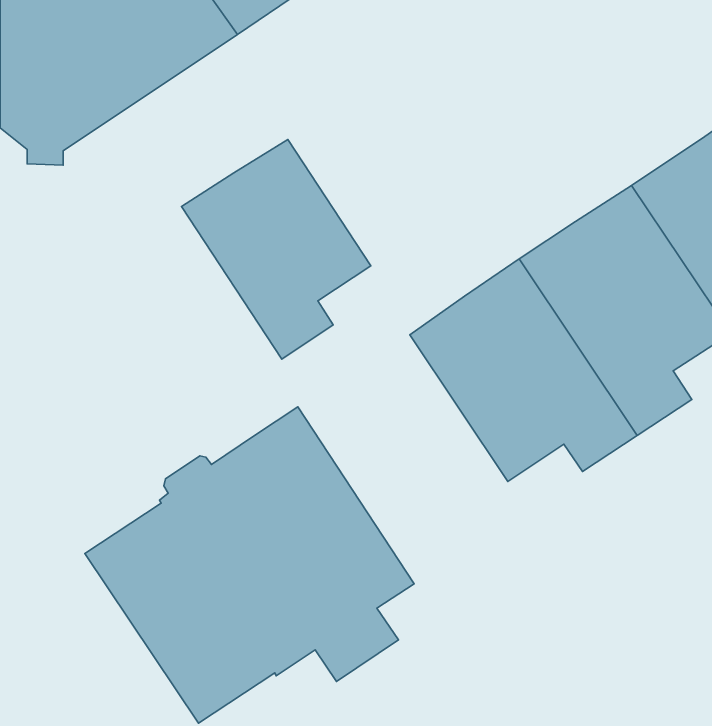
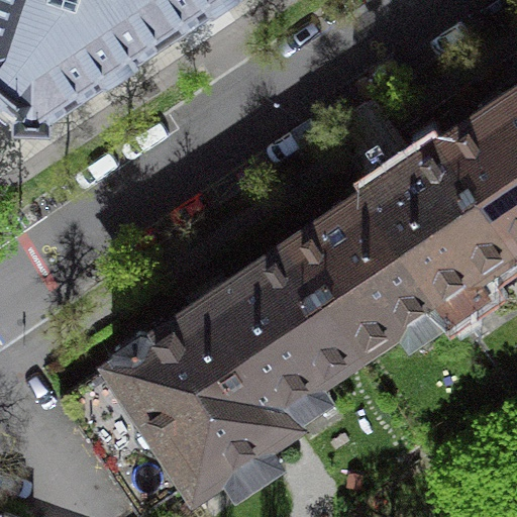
building: [181,140,371,359] -> none
building: none -> [225,235,373,410]

